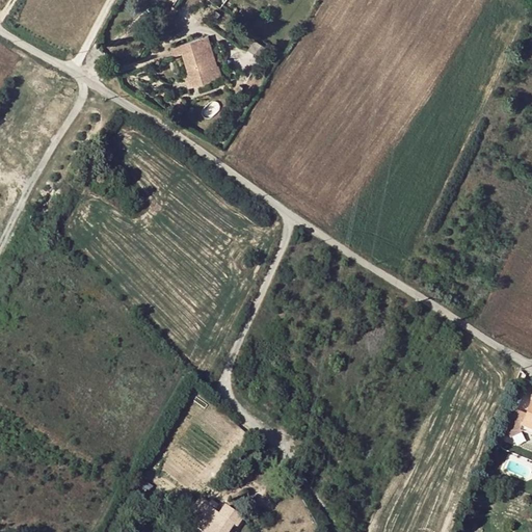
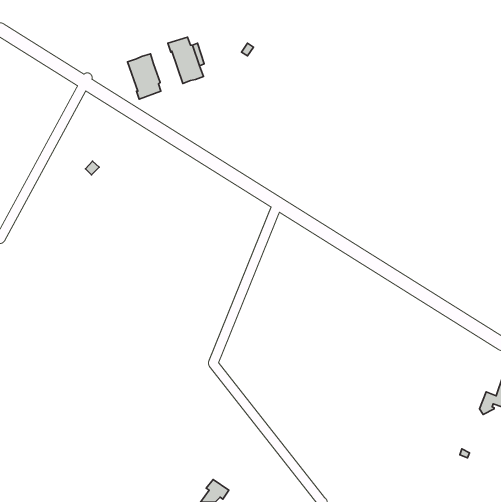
building: none -> [127,54,161,99]

